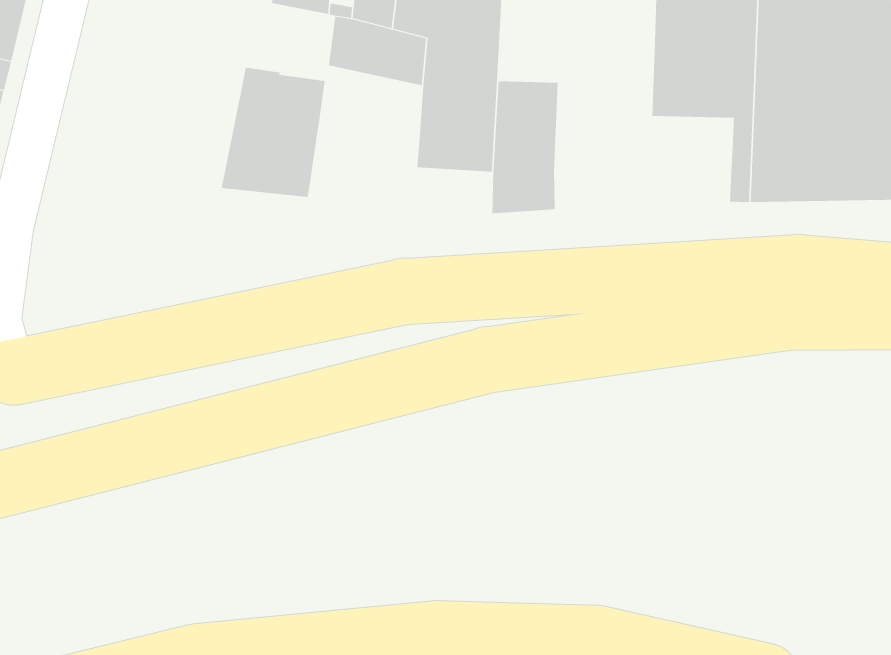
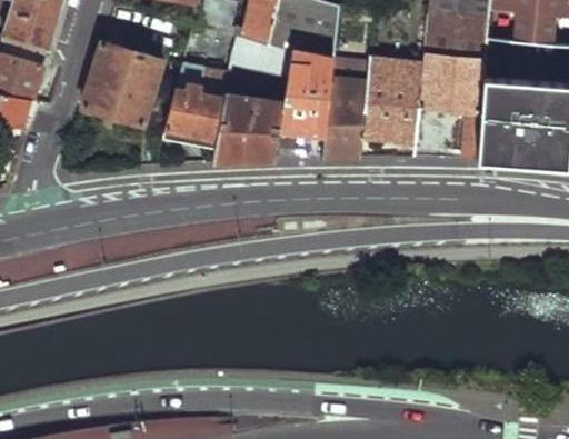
building: none -> [361,57,425,140]
building: none -> [81,42,162,124]
building: none -> [211,93,283,162]

